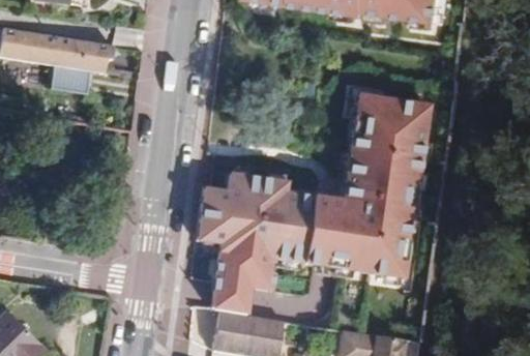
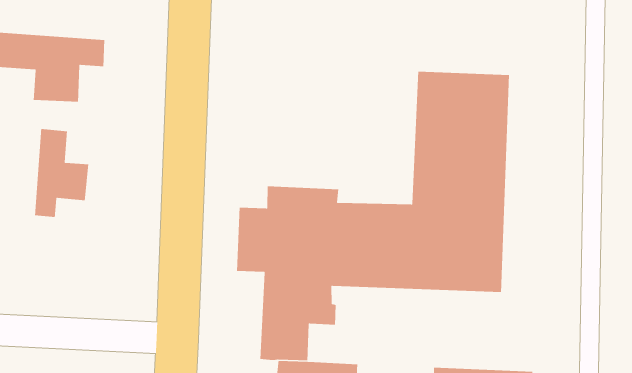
building: none -> [34,128,89,218]

